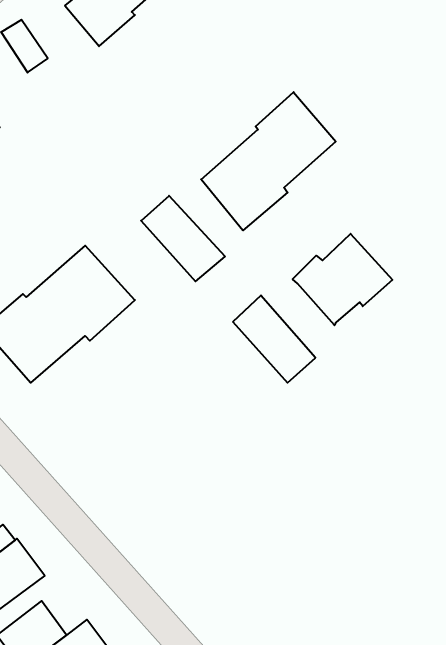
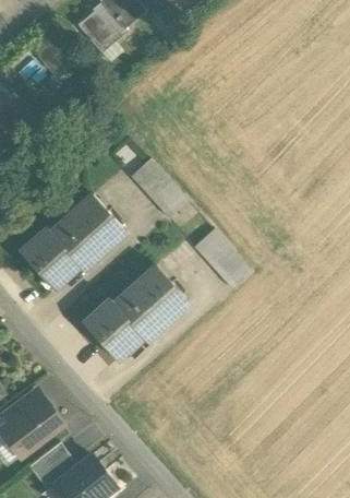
building: [201,92,336,230] -> none
building: [293,234,392,325] -> none
building: none -> [83,263,189,359]

